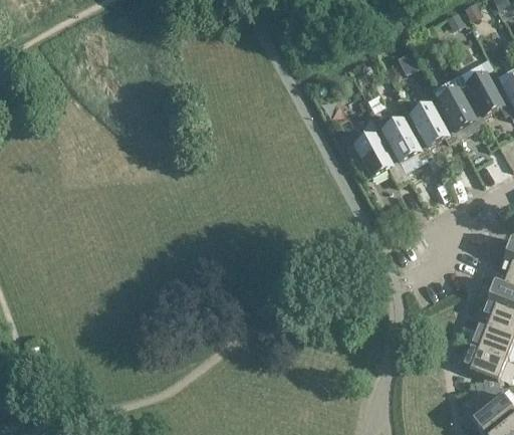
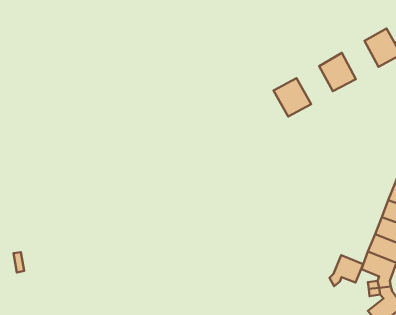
building: [440,78,489,134] -> none
building: [383,110,434,164] -> none
building: none -> [329,255,363,286]

